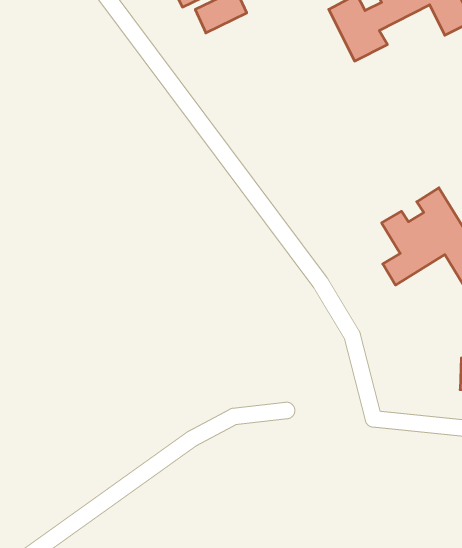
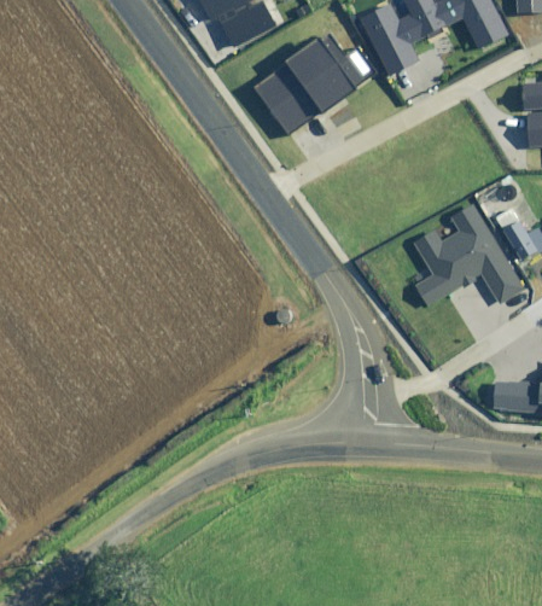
building: none -> [257,33,365,134]

